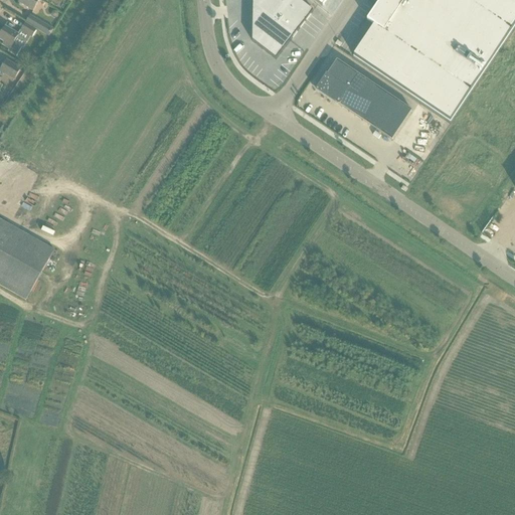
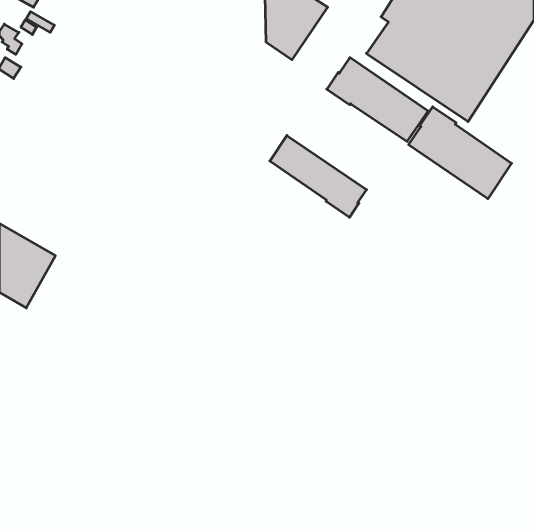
building: none -> [409,107,512,199]
building: none -> [270,135,367,217]

